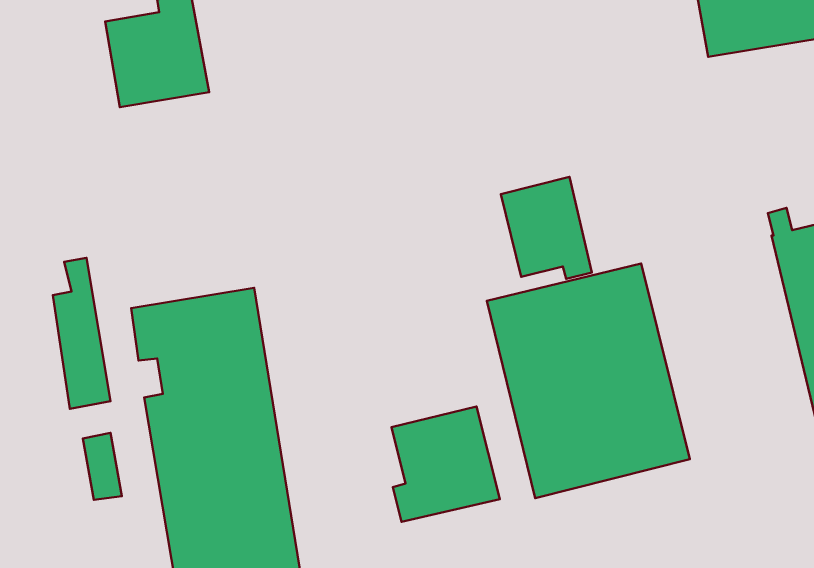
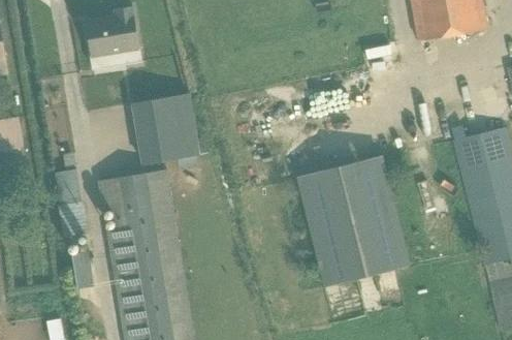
building: none -> [129,92,199,164]
building: [501,177,592,279] -> none
building: [392,406,500,522] -> none

